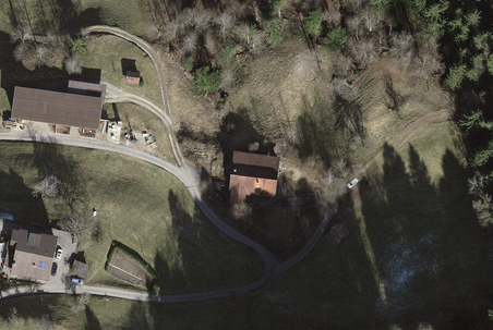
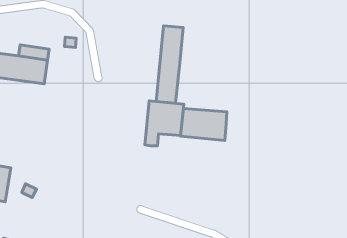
building: none -> [156,26,183,103]
building: none -> [181,109,227,141]

